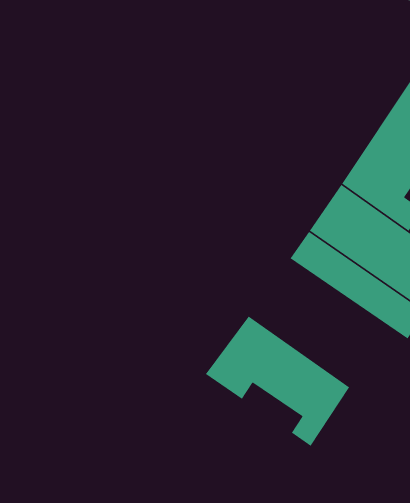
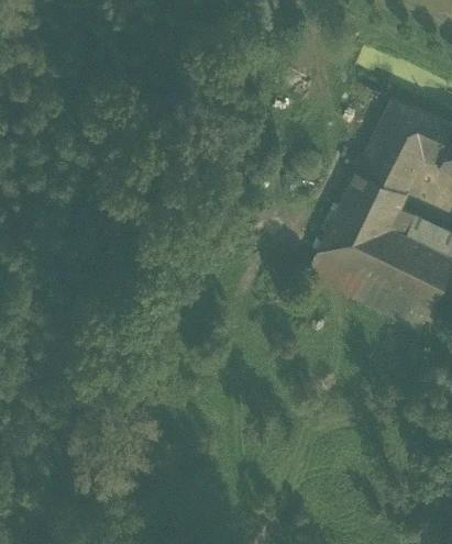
building: [205,316,350,447] -> none

